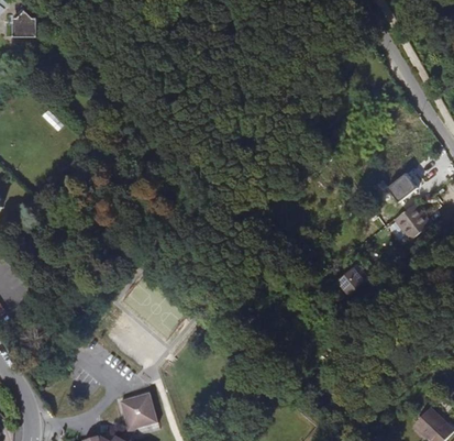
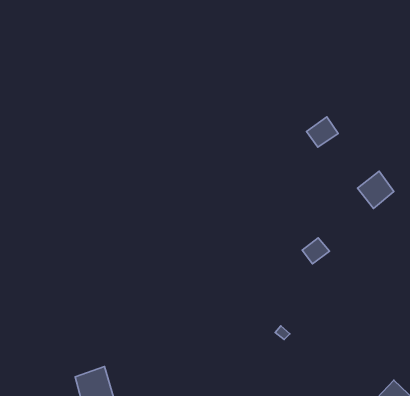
building: [388,170,419,200] -> [307,117,338,147]

